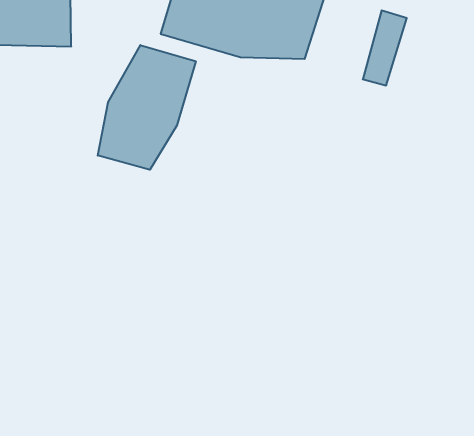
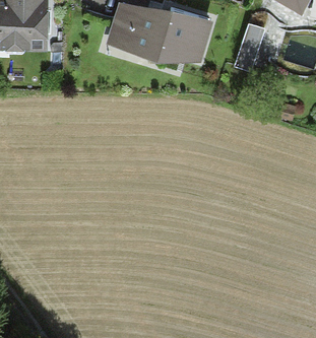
building: [98,45,196,170] -> none

